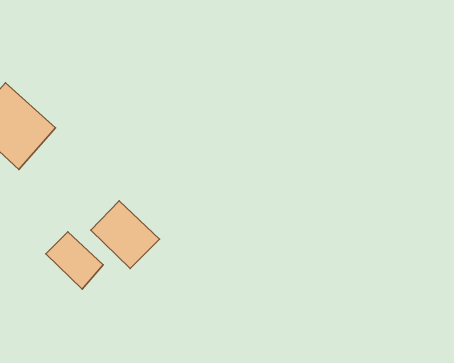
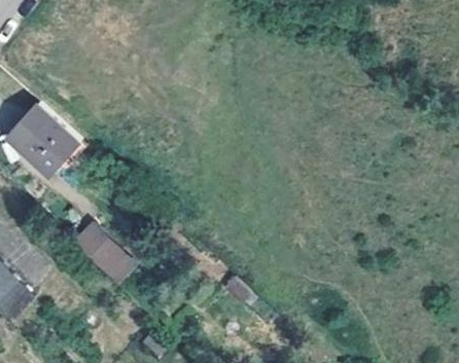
building: [91,201,159,269] -> none

